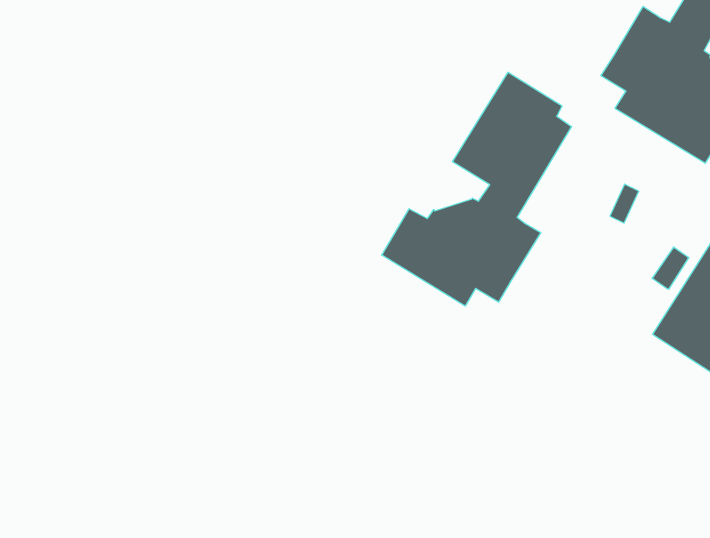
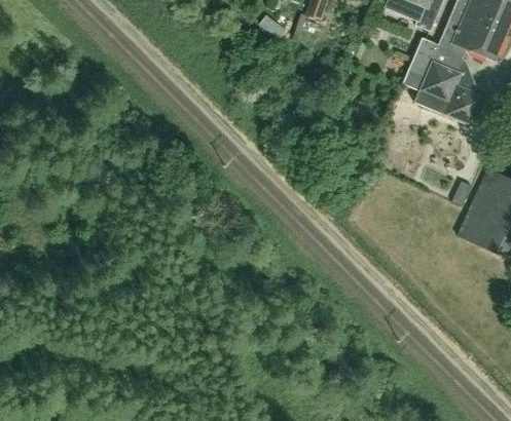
building: [382,72,572,306] -> none

